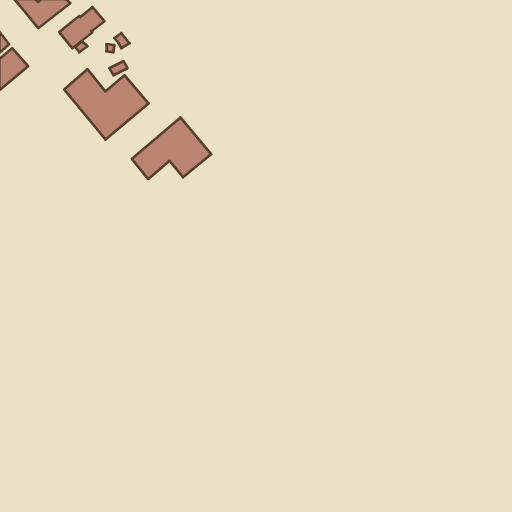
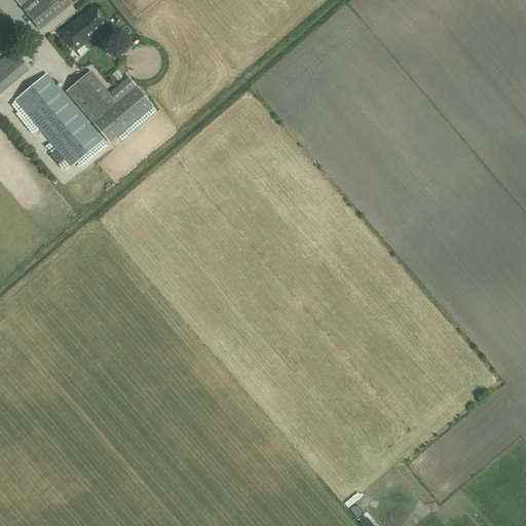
building: none -> [14,73,102,165]
building: [132,117,211,179] -> none

